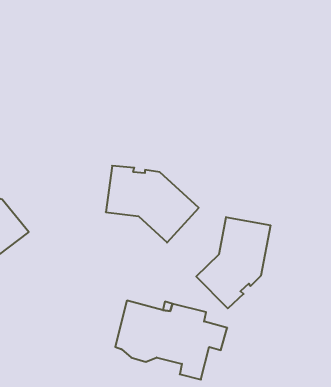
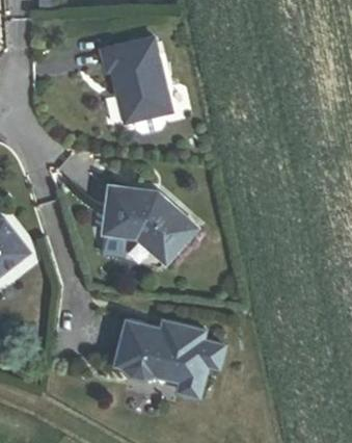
building: none -> [102,37,170,134]
building: [196,217,270,308] -> none

